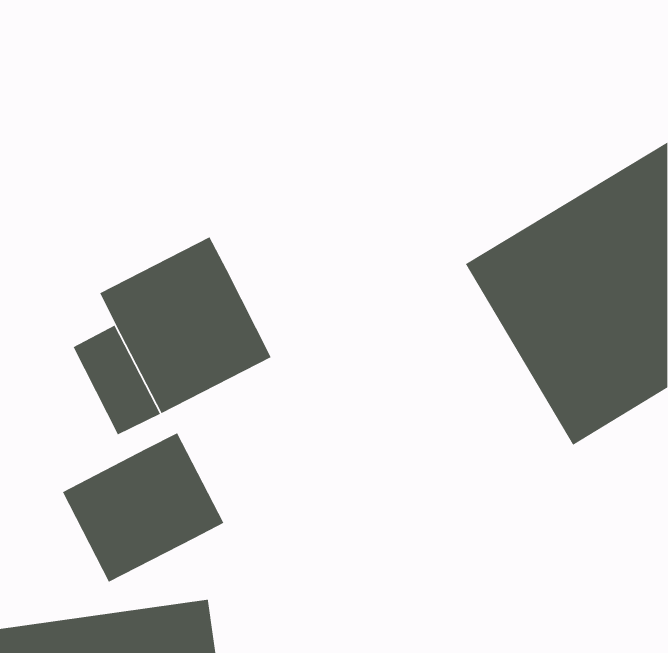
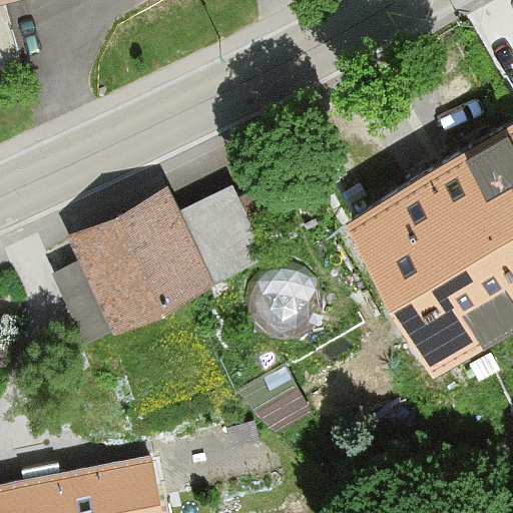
building: none -> [172,187,271,288]
building: [62,432,224,583] -> none

